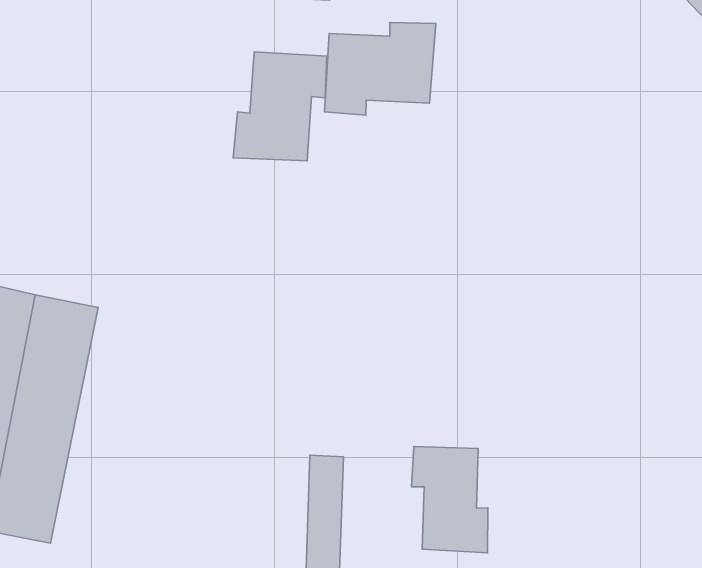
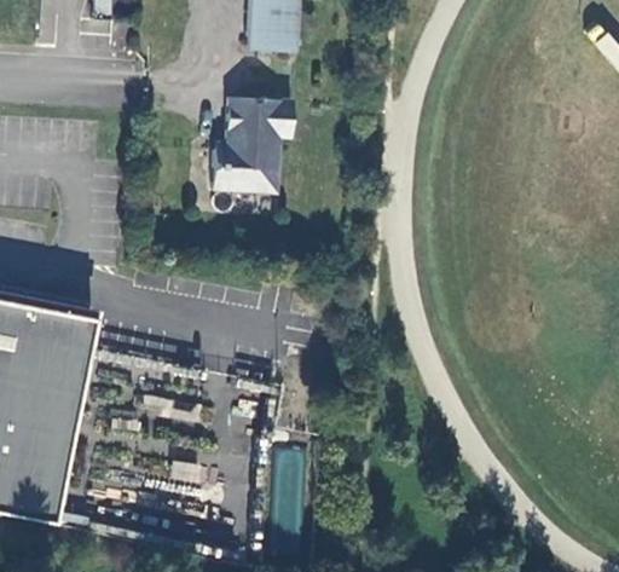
building: [324,23,436,115] -> none
building: [412,446,488,553] -> none

